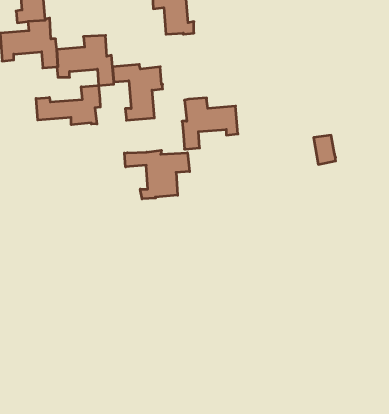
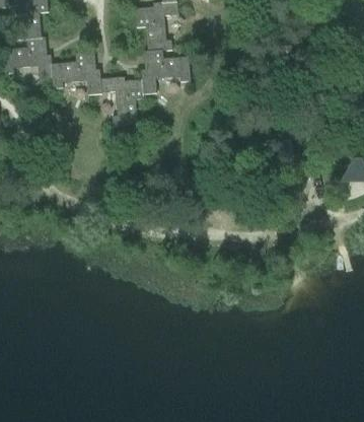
building: [36,85,100,125] -> none
building: [182,98,238,149] -> [140,49,189,93]
building: [124,150,190,199] -> none

